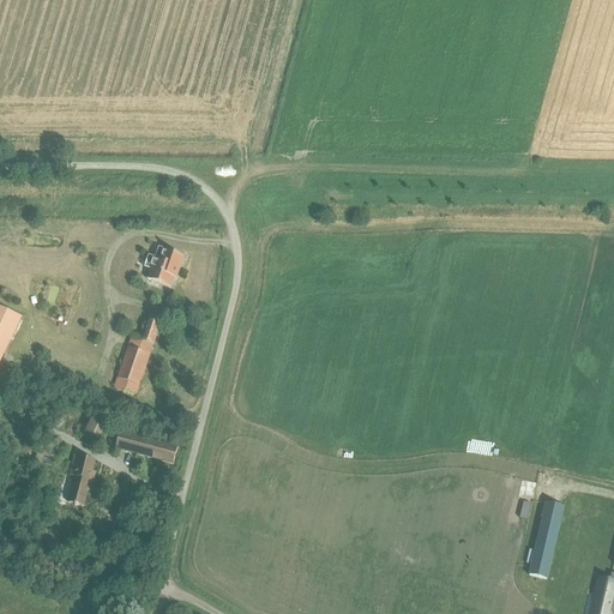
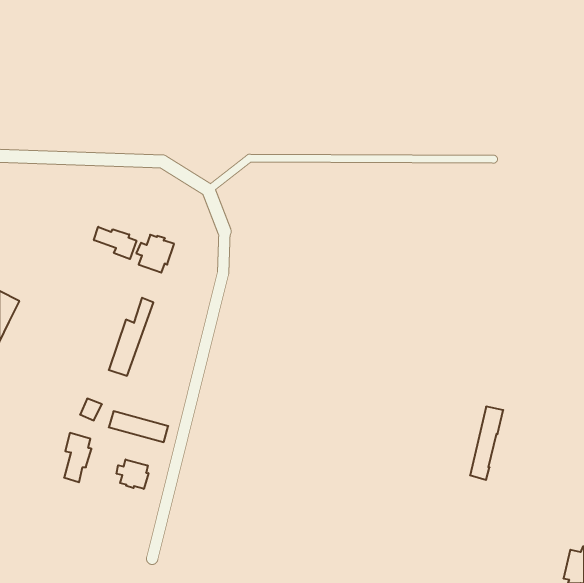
building: none -> [94,227,136,259]
building: none -> [117,459,148,489]
building: [528,501,562,578] -> [470,407,503,480]

